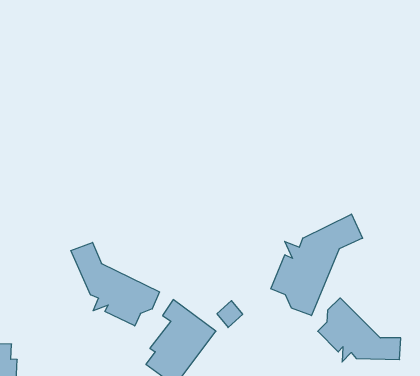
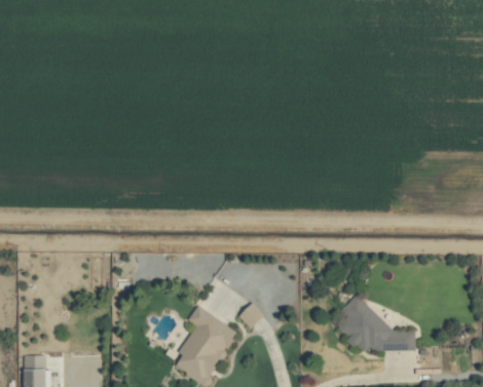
building: [271,214,363,316] -> none
building: [71,242,160,326] -> none

